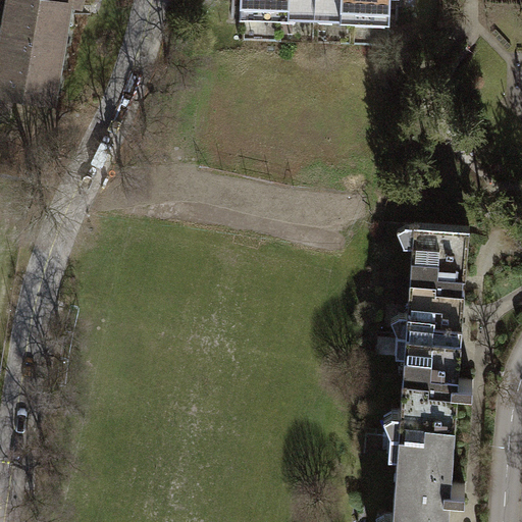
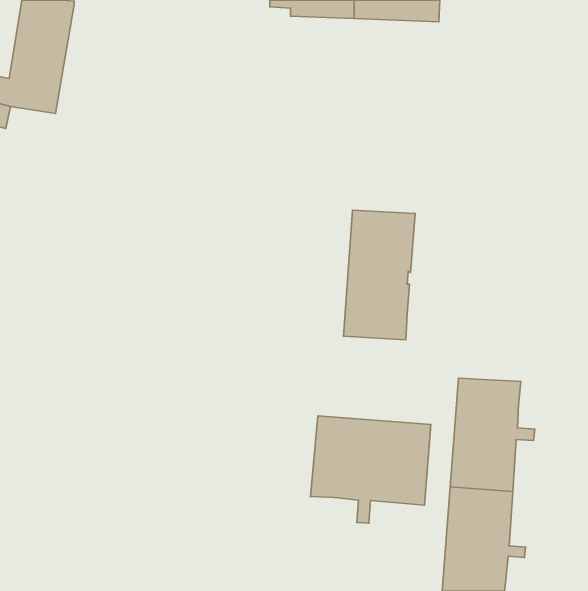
building: [404,222,467,336] -> [343,210,415,340]
building: none -> [310,416,431,523]

